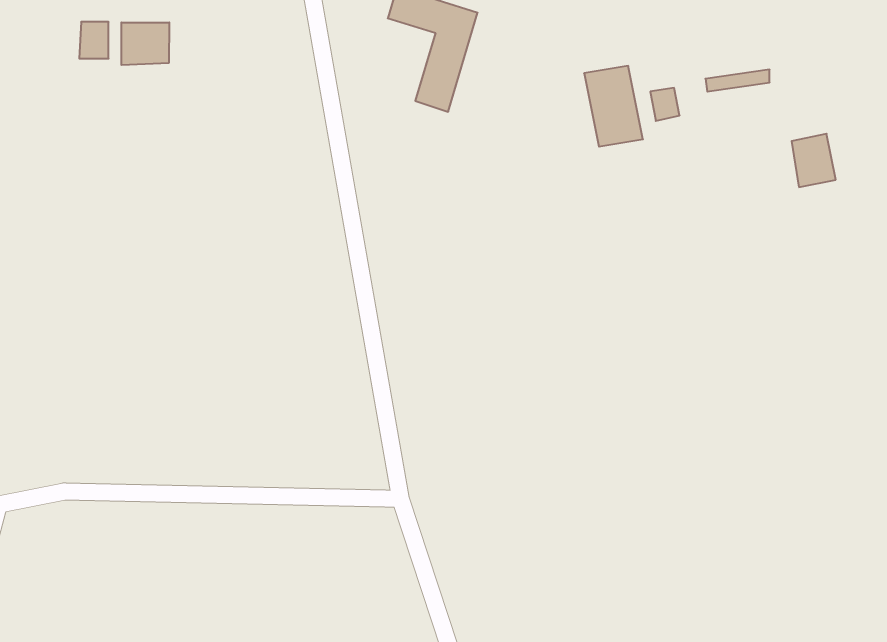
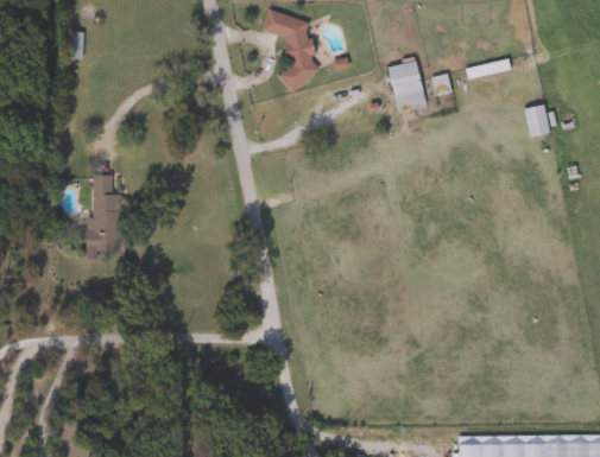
building: [121,22,169,65] -> none
building: none -> [82,174,121,250]

